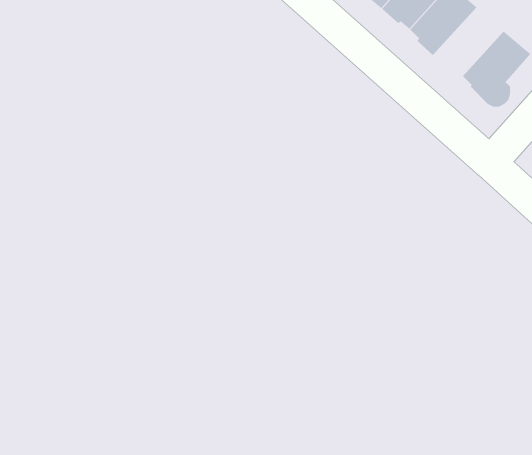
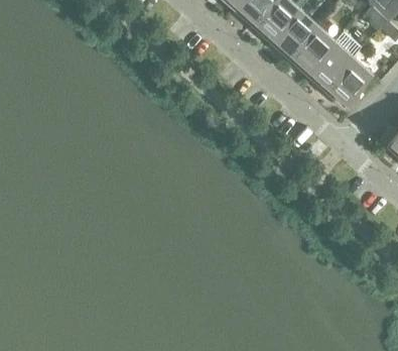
building: none -> [305,40,354,88]

